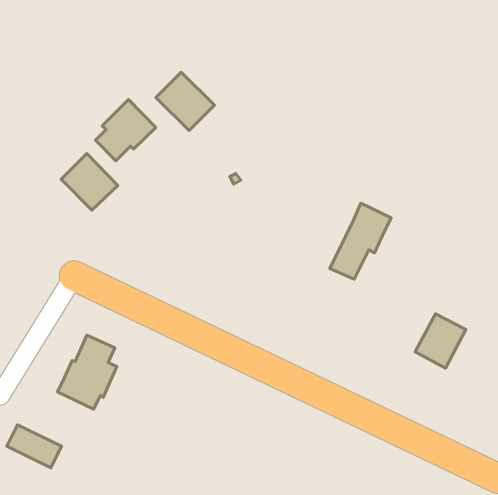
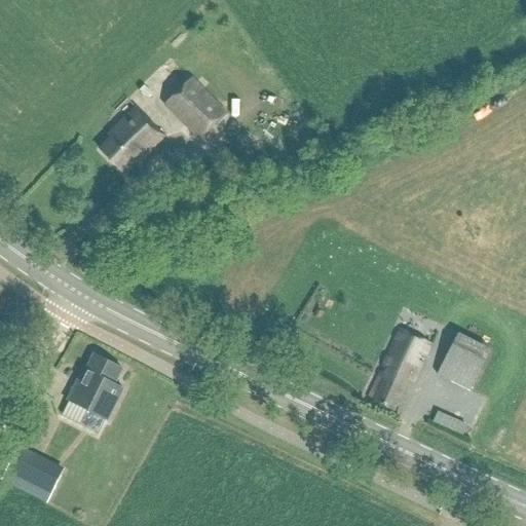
building: [61,154,118,210] -> none
building: [330,203,391,279] -> [367,328,431,408]

